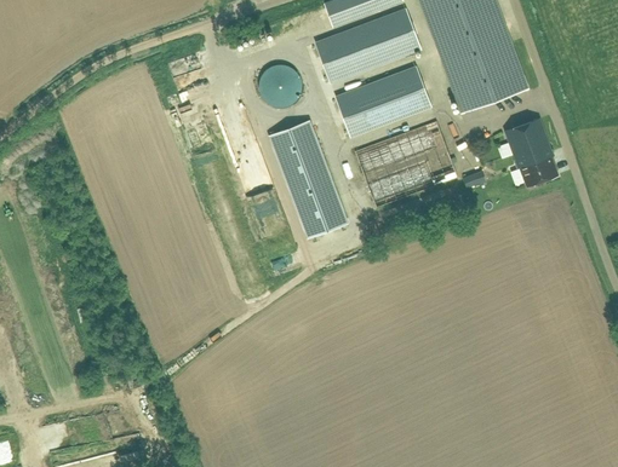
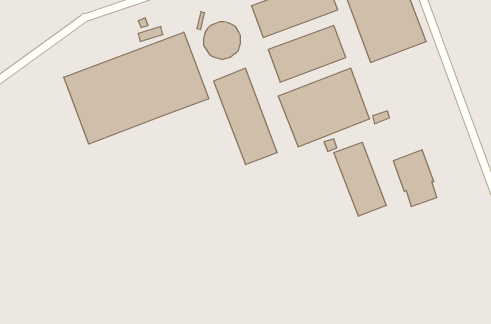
building: none -> [64,32,209,144]
building: [504,119,557,188] -> [393,150,437,206]
building: none -> [334,142,386,216]

